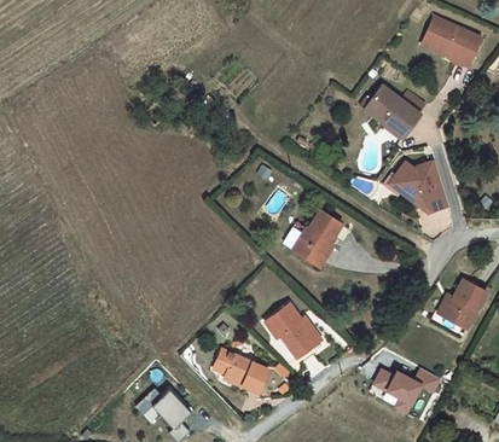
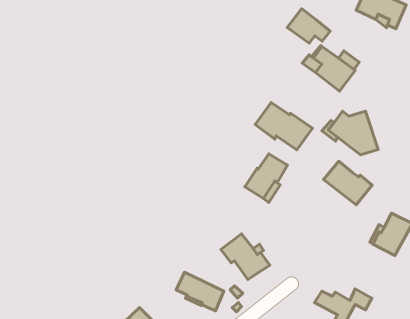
building: none -> [287,9,330,43]
building: none -> [255,103,313,150]
building: none -> [323,161,372,205]

